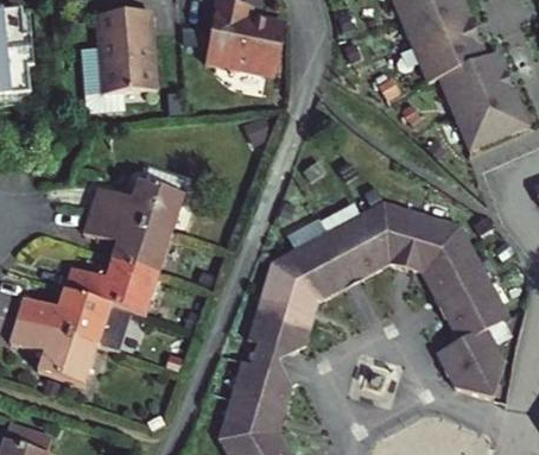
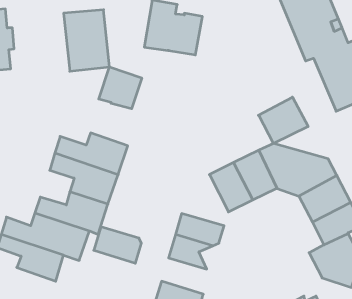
building: none -> [99,67,142,109]
building: none -> [258,97,308,143]
building: [258,240,322,310] -> none
building: [230,354,296,404] -> [94,227,141,263]

